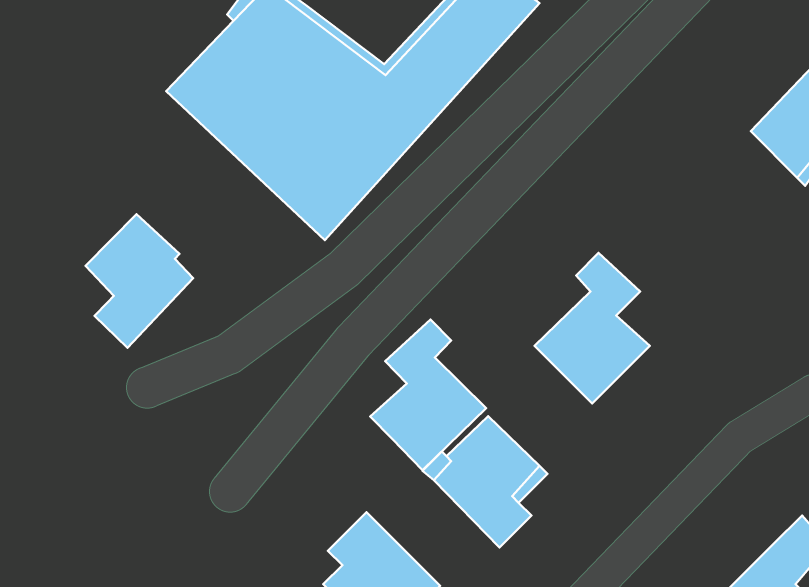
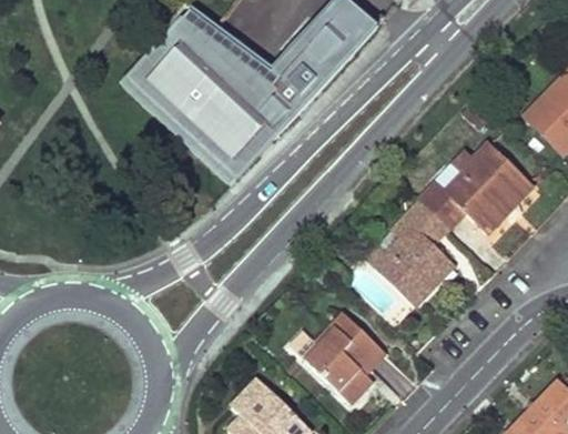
building: none -> [419,142,531,231]
building: [86,214,193,348] -> none
building: [370,320,486,470] -> none

